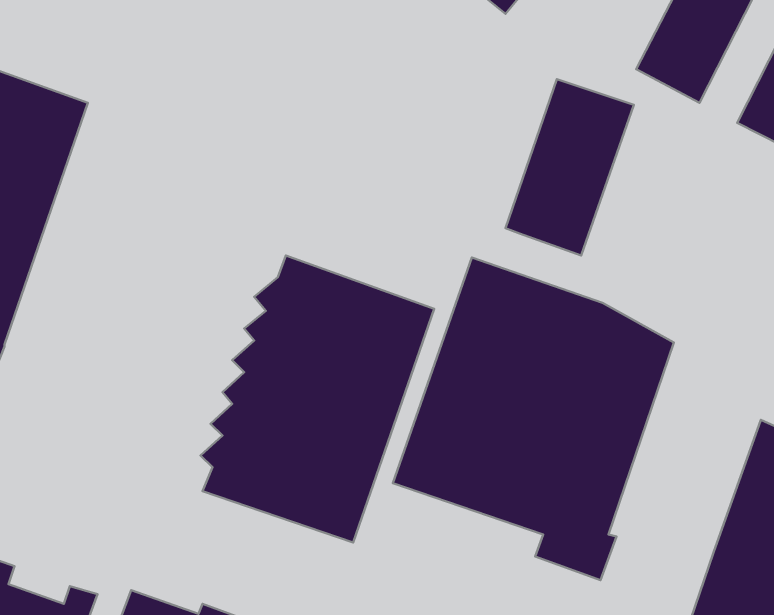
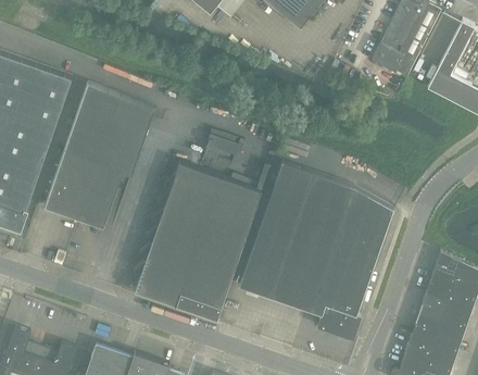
building: [505,79,634,255] -> none
building: none -> [43,83,153,227]

